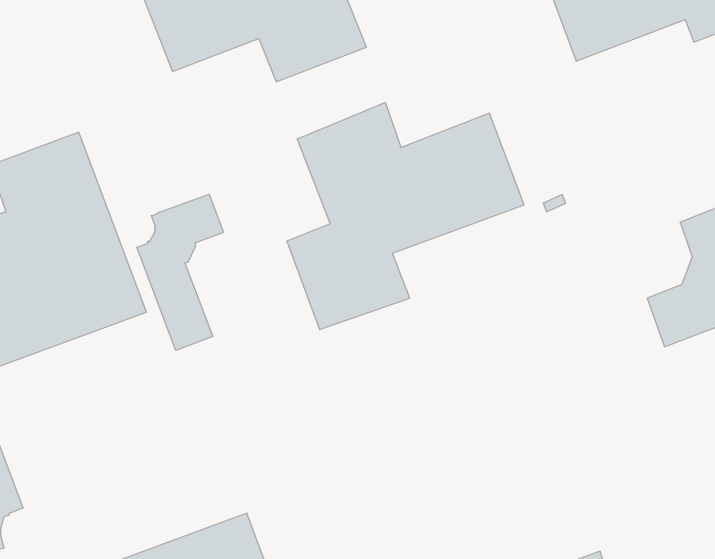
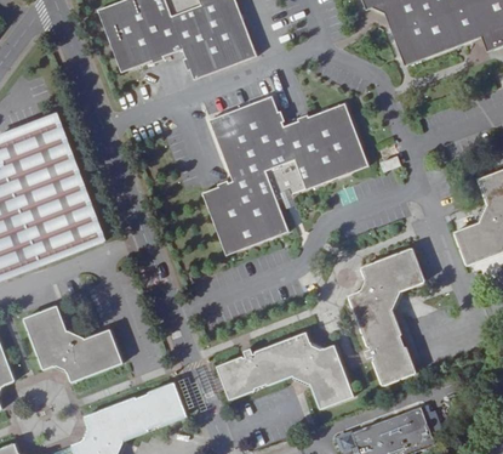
building: [137,194,224,350] -> none
building: none -> [347,248,424,385]
building: none -> [25,305,122,380]
building: none -> [216,331,353,409]

